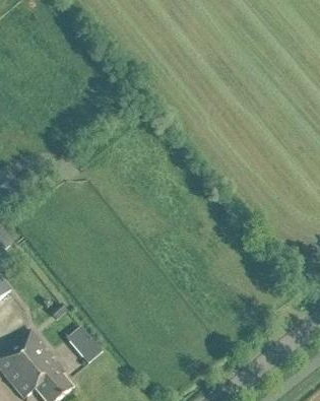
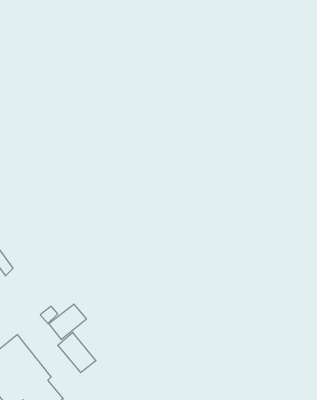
building: none -> [49,304,86,340]

